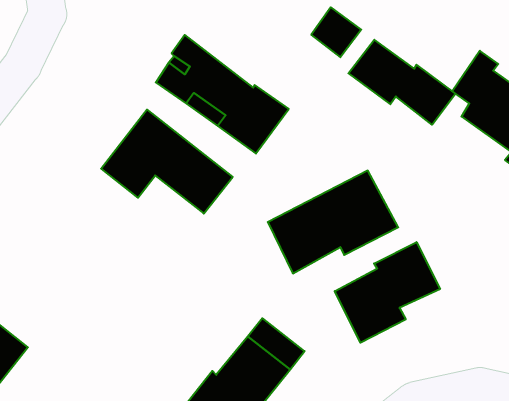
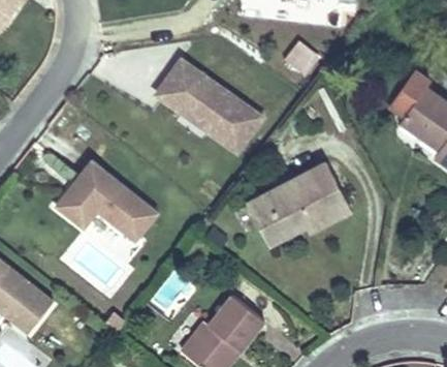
building: [348,40,455,125] -> none
building: [101,110,233,214] -> [57,161,160,243]
building: [335,242,440,343] -> none

